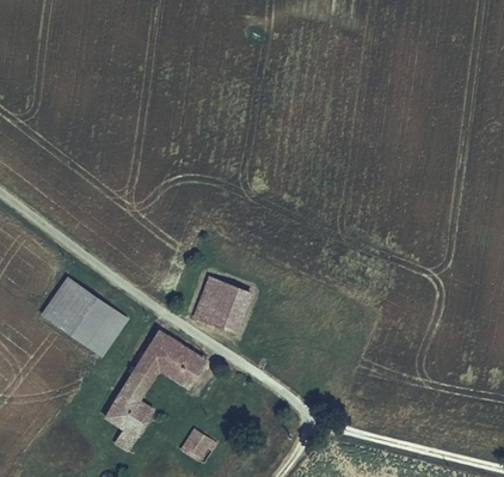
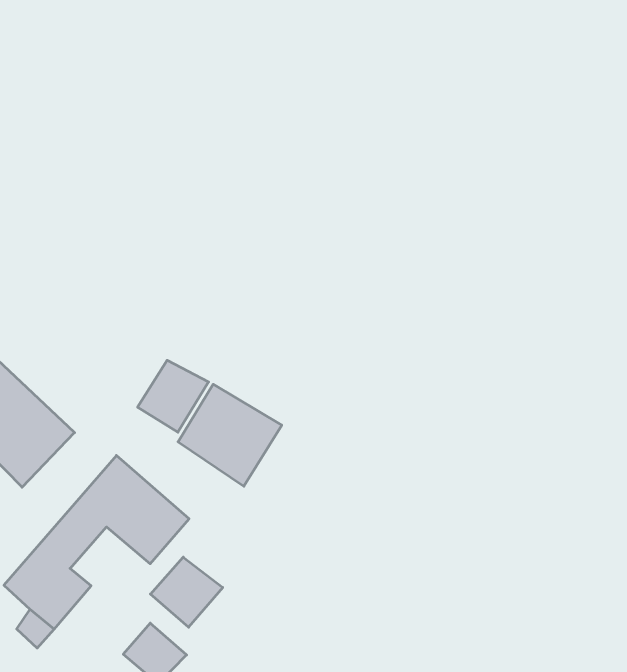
building: none -> [138,360,209,432]
building: none -> [150,557,223,627]

